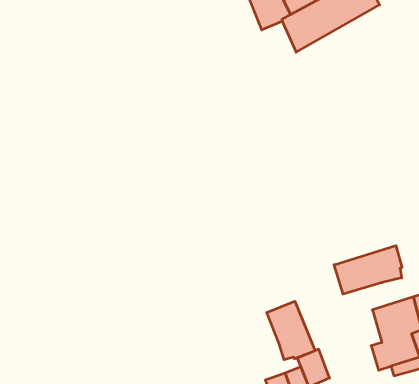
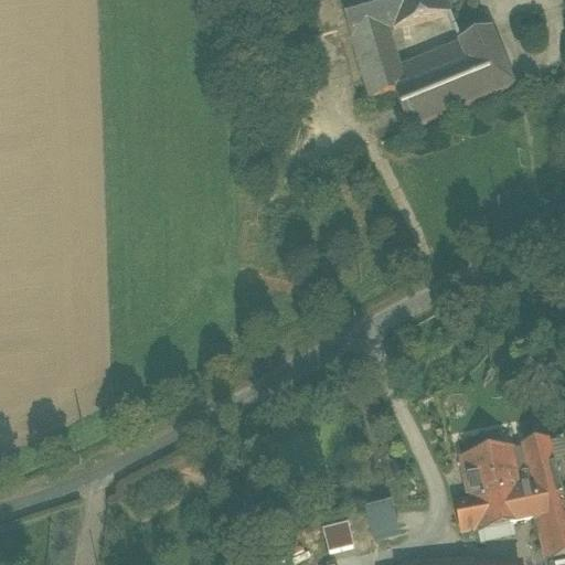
building: [334,246,402,294] -> none
building: [267,301,315,360] -> none

